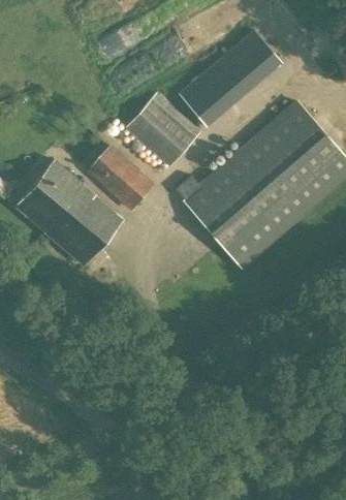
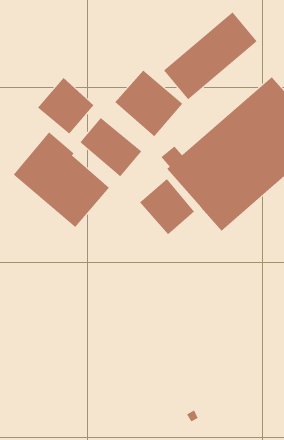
building: none -> [37,77,94,134]
building: none -> [139,178,195,235]

